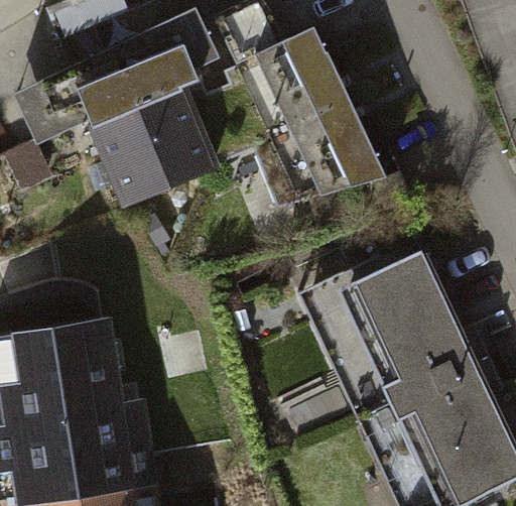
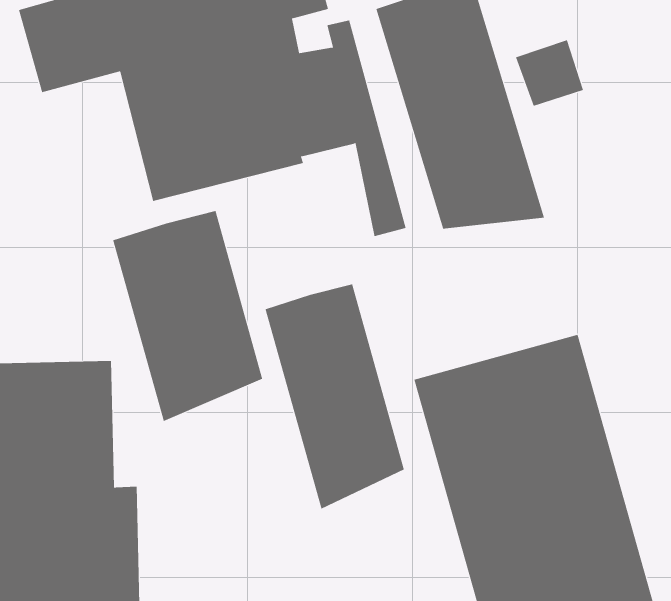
building: none -> [112,210,263,422]
building: none -> [265,284,404,510]

